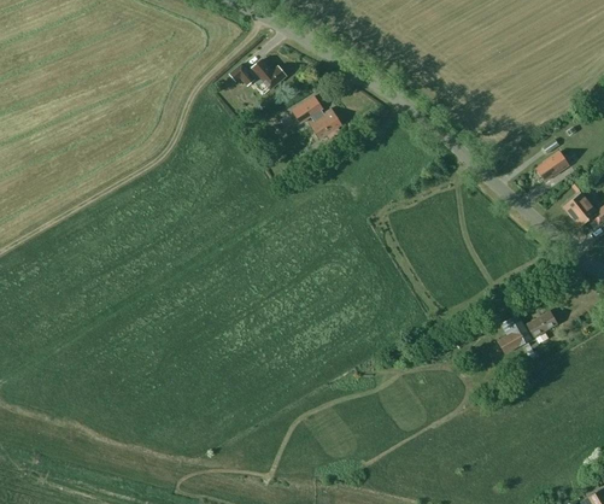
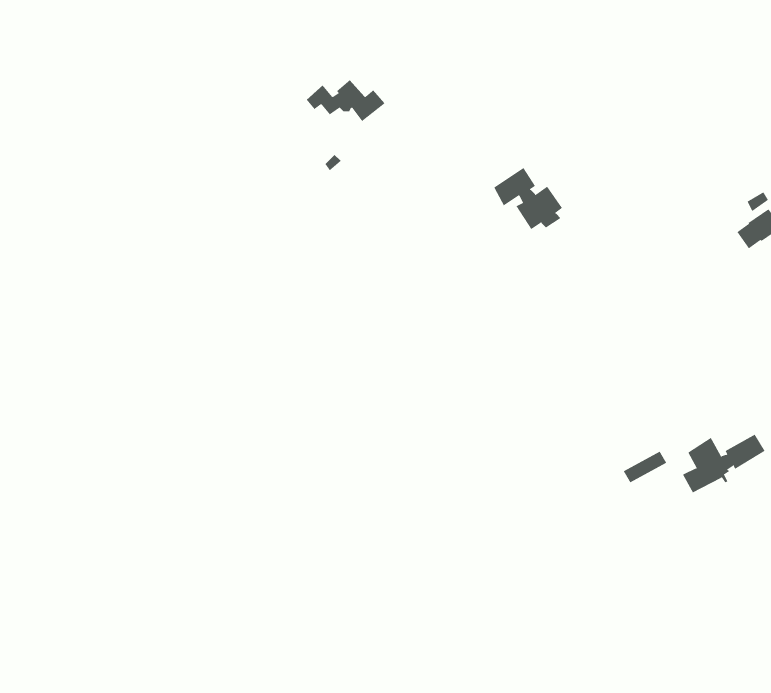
building: [292,95,341,140] -> [493,167,563,230]

